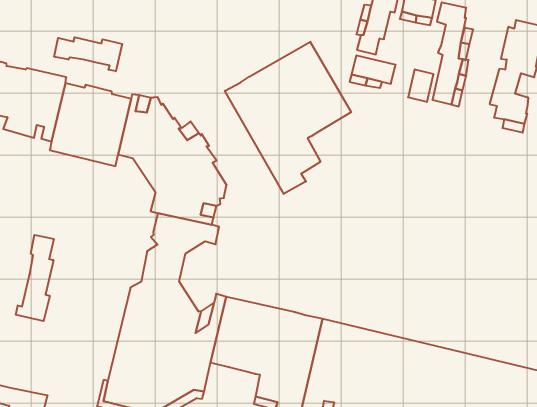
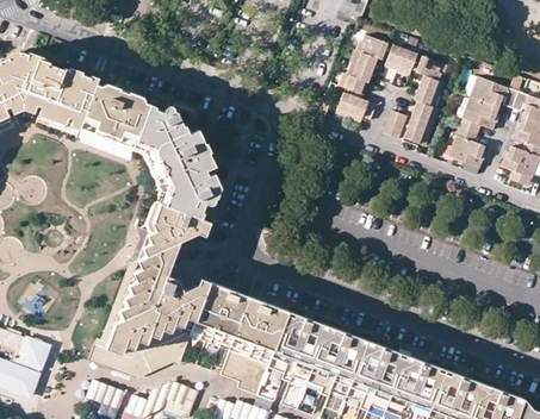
building: [54,37,122,71] -> none
building: [225,42,351,194] -> none
building: [16,235,54,321] -> none

